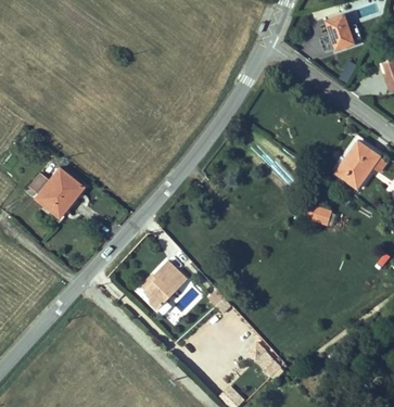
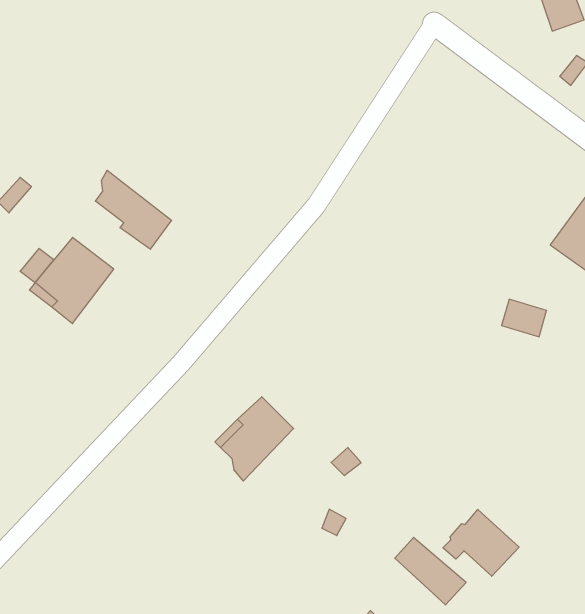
building: none -> [95,170,172,249]
building: none -> [443,509,519,576]

